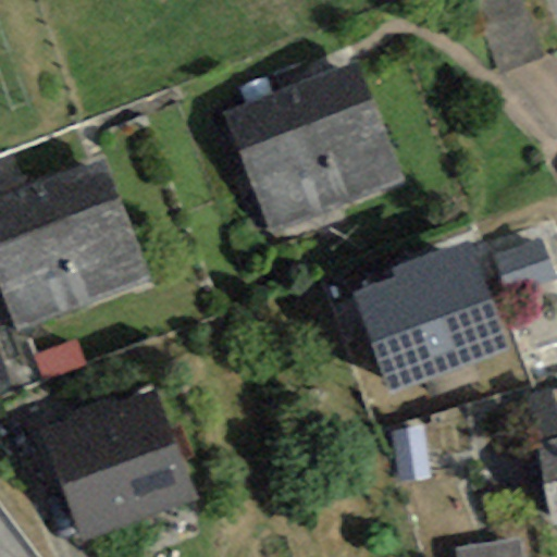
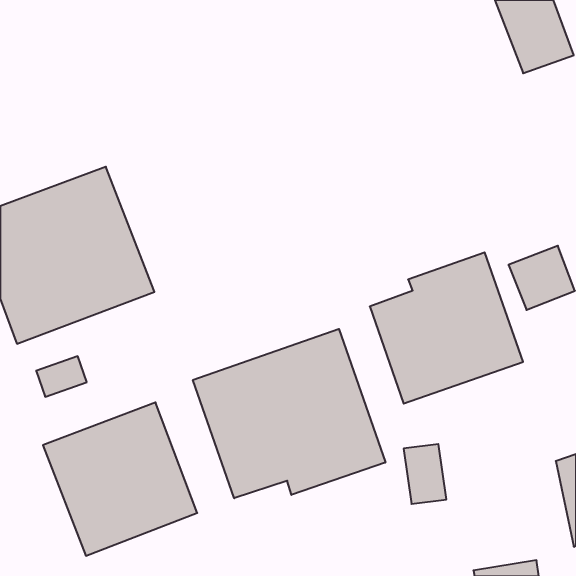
building: [223,62,406,237] -> none
building: none -> [193,329,385,498]

